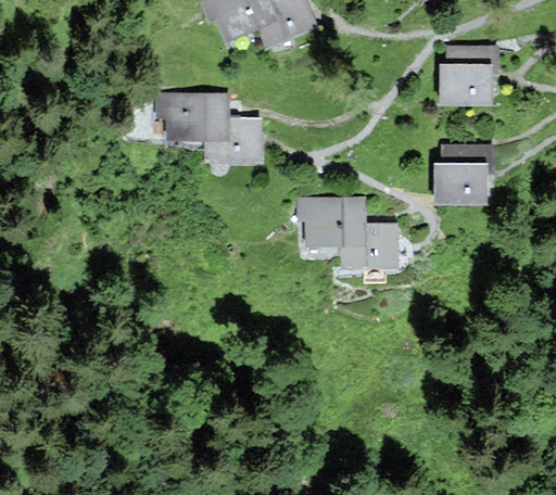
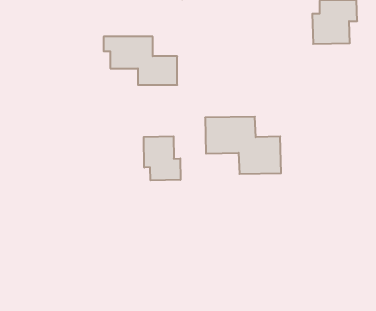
building: [432,144,498,202] -> none
building: none -> [144,136,180,180]

